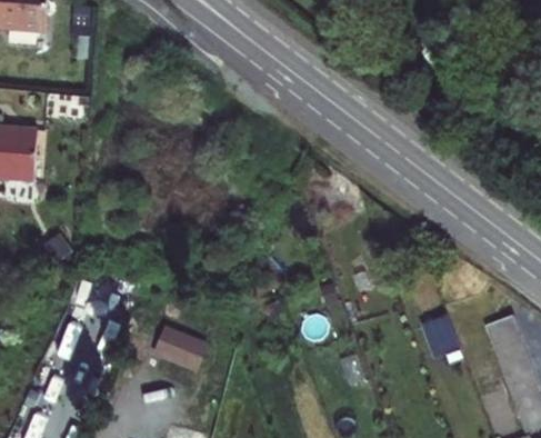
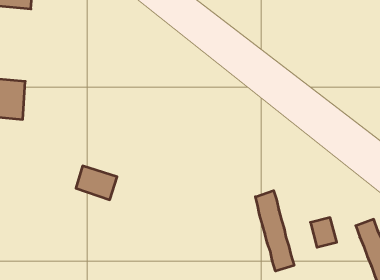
building: none -> [255,191,294,271]
building: [153,326,209,371] -> [76,166,117,200]

